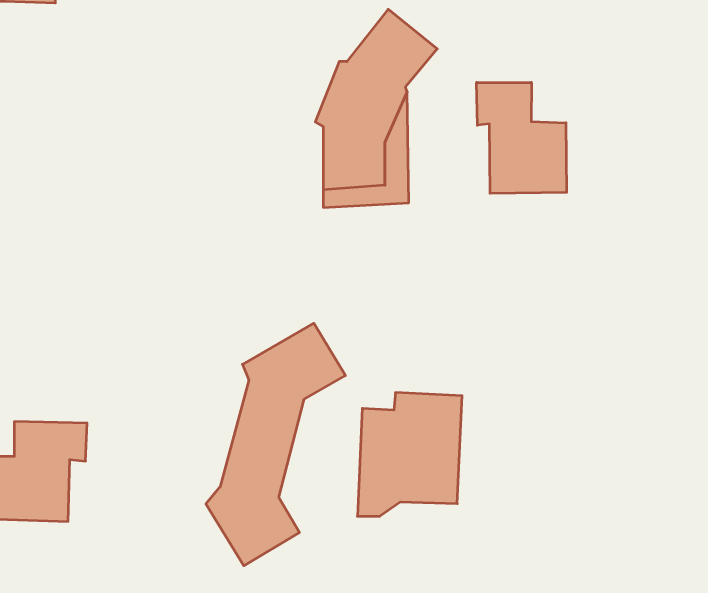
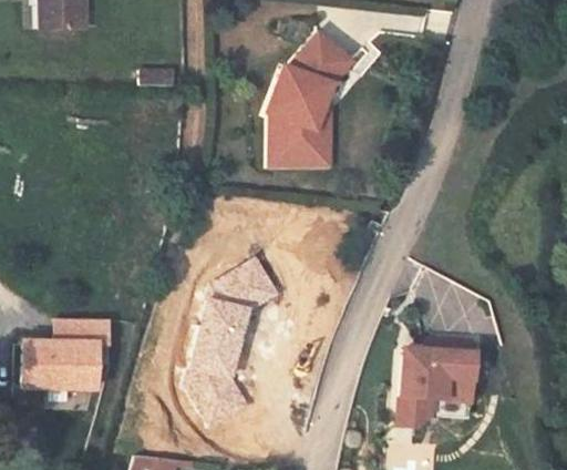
building: [477,82,567,193] -> none
building: [357,393,462,516] -> [393,326,466,412]

